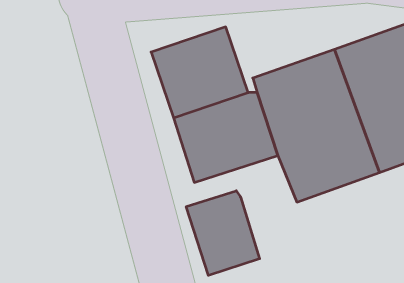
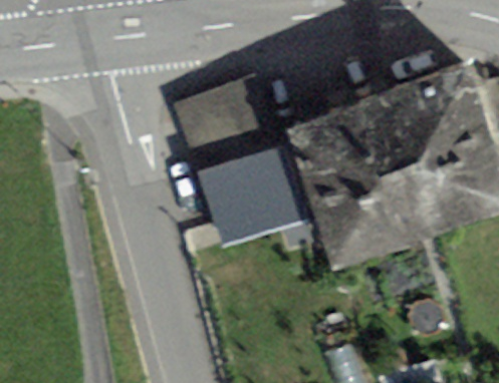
building: [186,191,260,275] -> none

